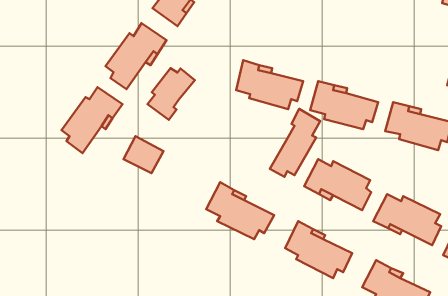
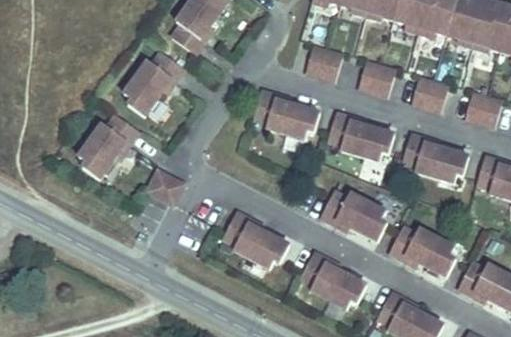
building: none -> [303,48,340,82]
building: none -> [355,62,393,97]
building: none -> [409,77,447,111]
building: [148,68,195,120] -> none
building: [270,109,320,177] -> none

